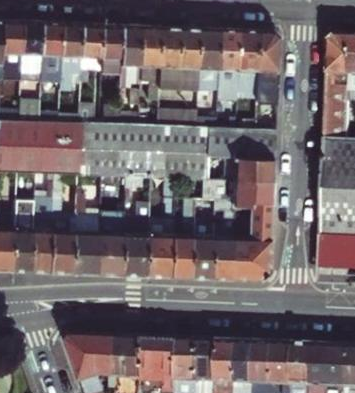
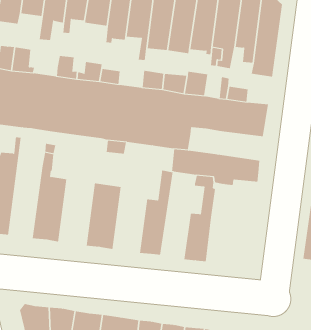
building: [233,160,273,183] -> none
building: [50,174,74,274] -> none
building: [146,200,173,278] -> none
building: [190,201,215,280] -> none
building: [232,203,272,281] -> none
building: [96,212,123,276] -> none

